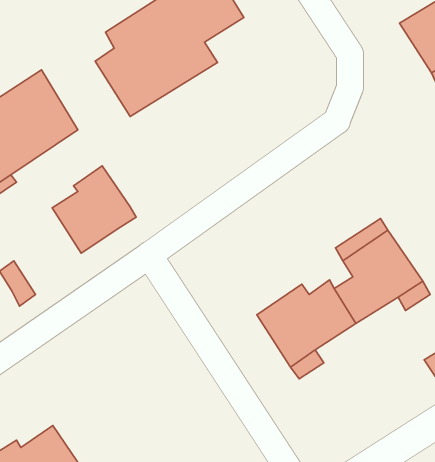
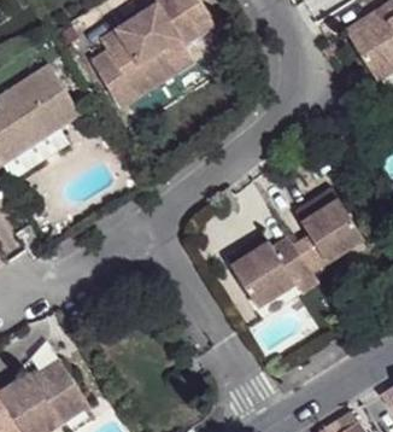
building: [52,166,136,253] -> none

